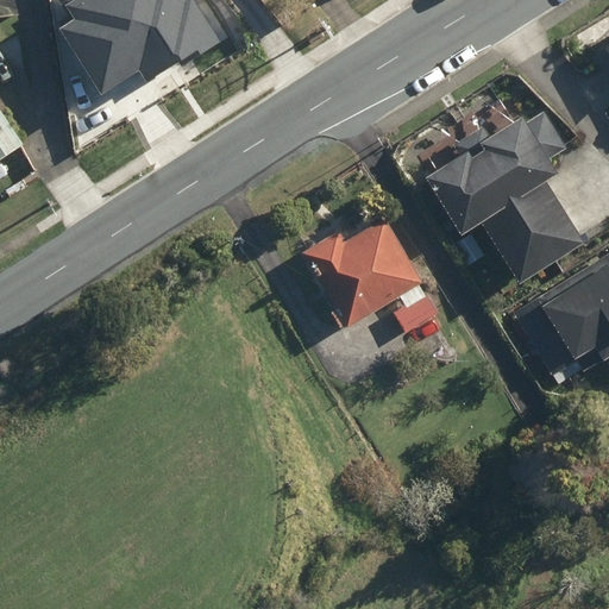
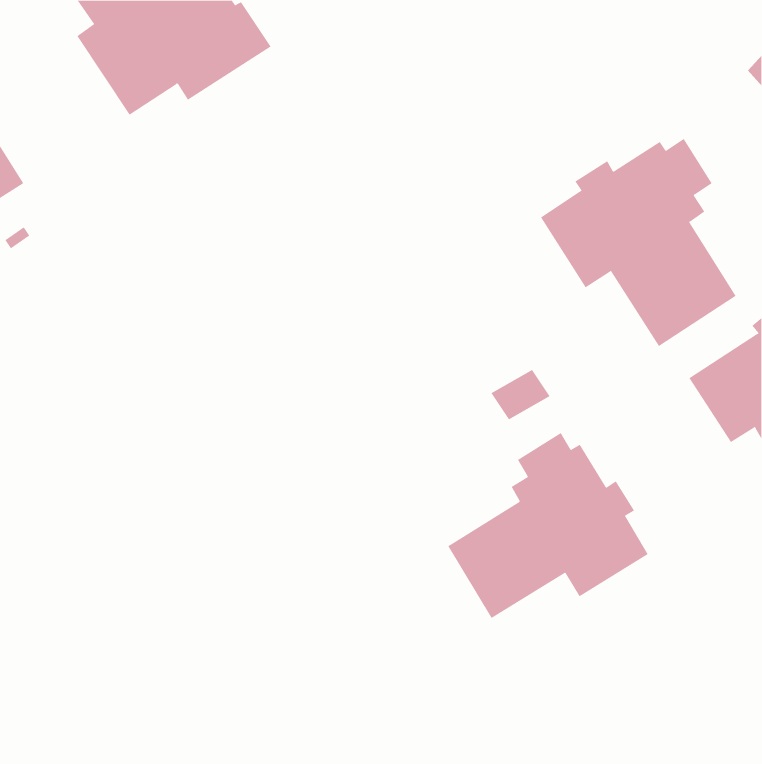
building: [299,219,420,328] -> none
building: none -> [448,432,648,619]

